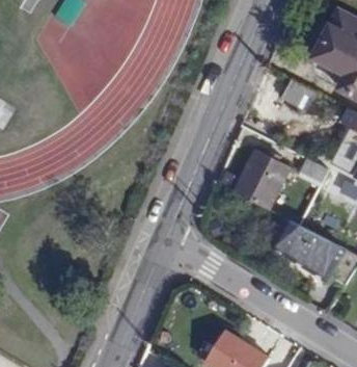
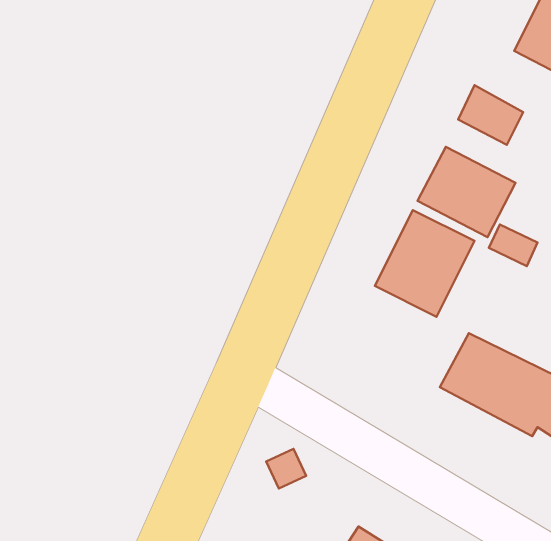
building: none -> [418,147,516,237]

